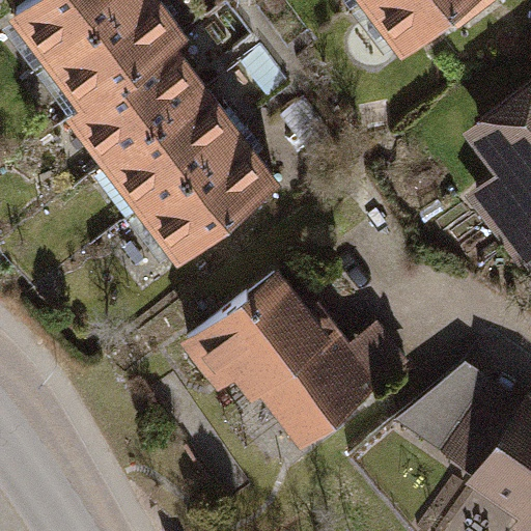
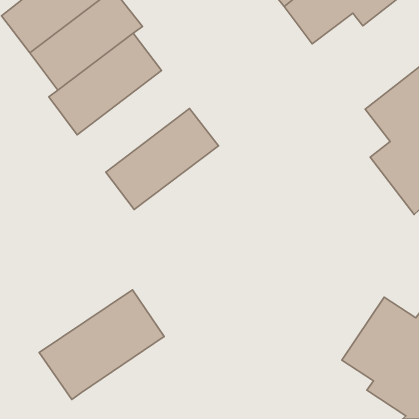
building: [102,88,243,216] -> none
building: [179,272,410,450] -> none
building: none -> [39,290,164,399]

